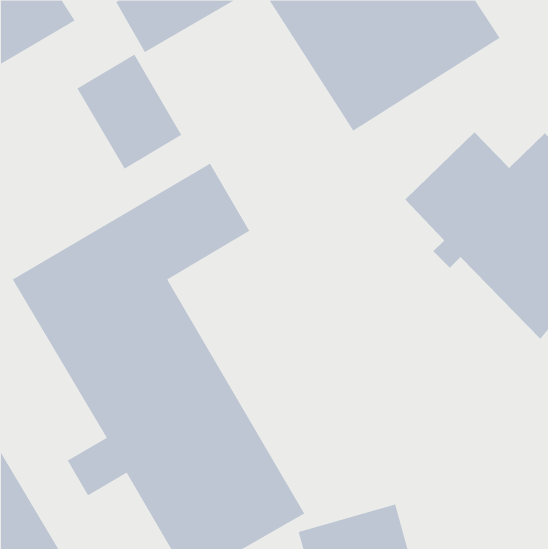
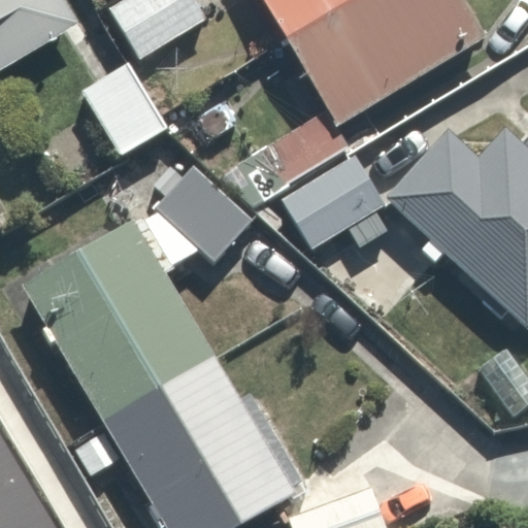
building: none -> [233,119,390,254]

